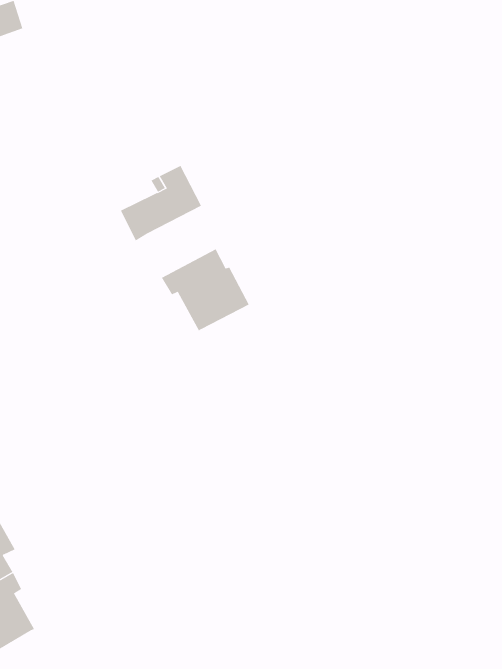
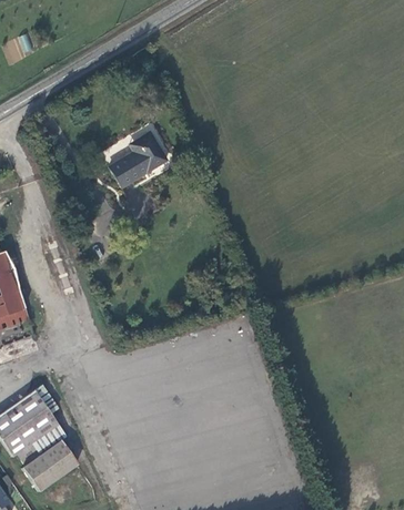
building: [161,249,250,332] -> none

